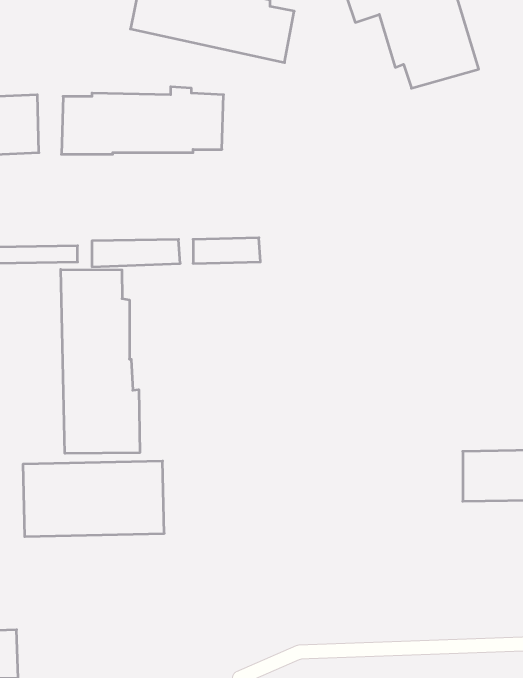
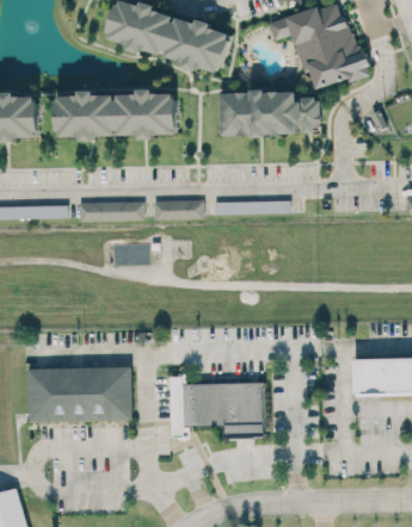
building: none -> [219,91,320,134]
building: [61,269,140,453] -> none
building: none -> [171,374,264,436]

